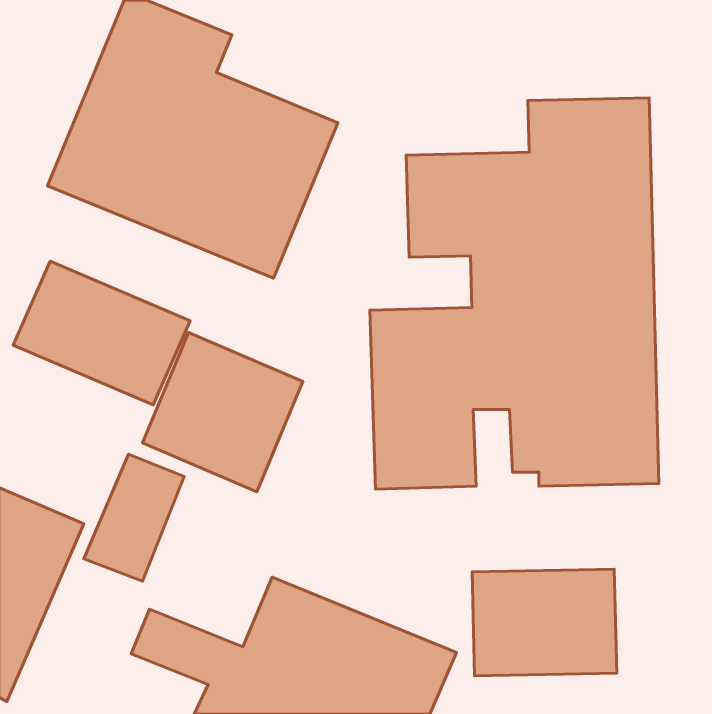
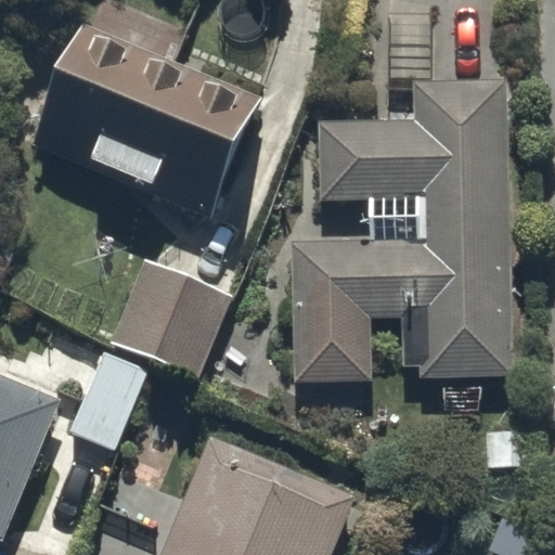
building: [13,261,190,405] -> none
building: [472,569,617,676] -> none

